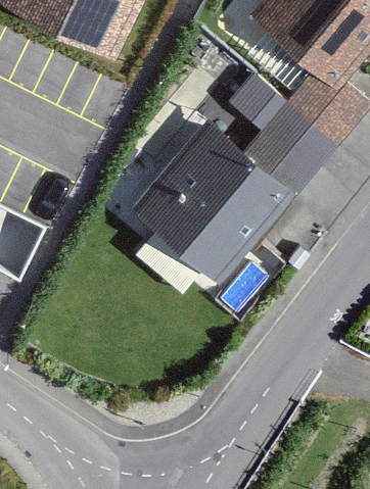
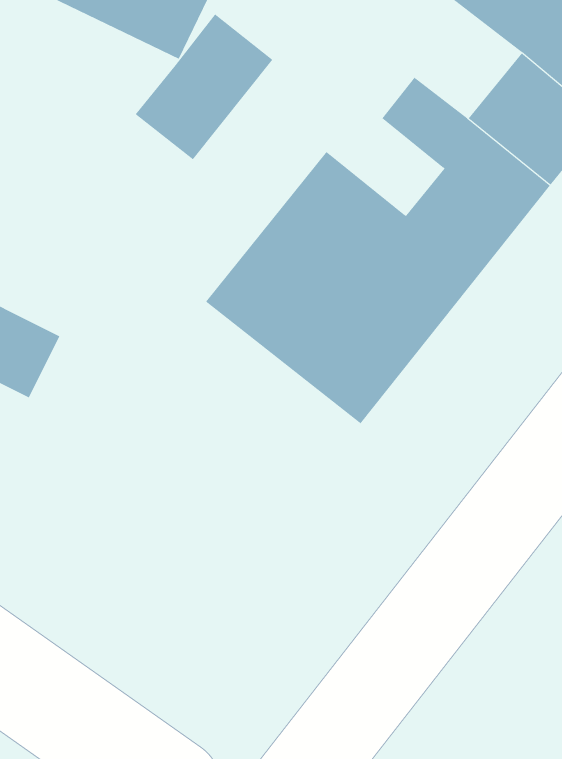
building: none -> [135,14,273,160]

